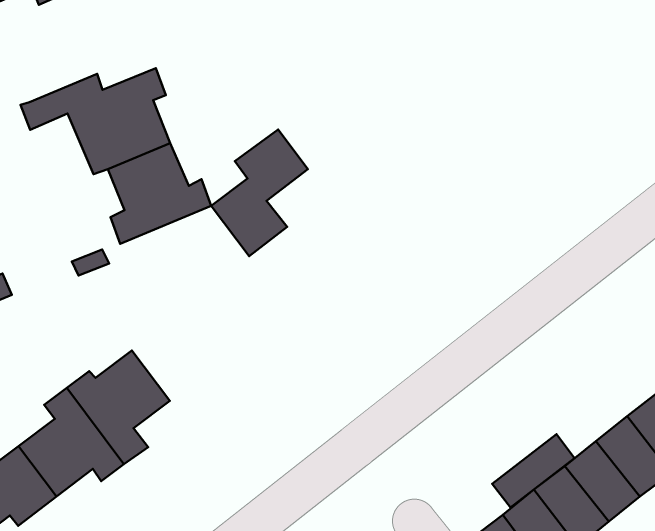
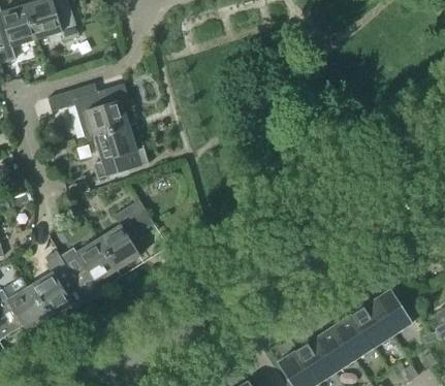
building: [211,129,308,256] -> [98,201,154,270]
building: [492,434,574,508] -> none

